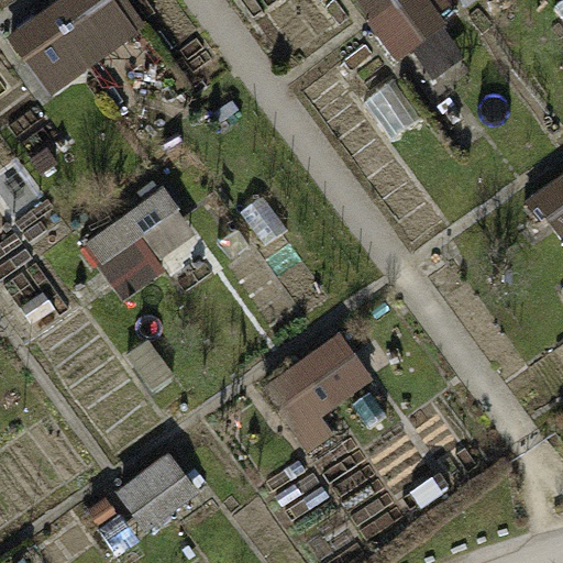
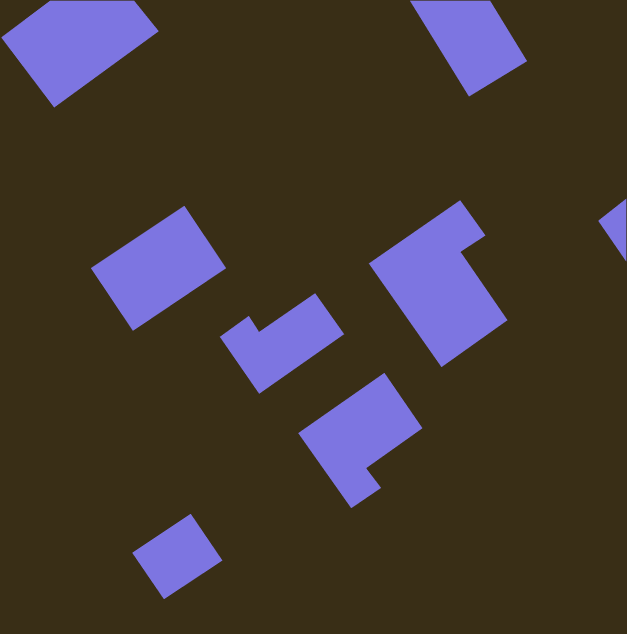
building: none -> [368,199,508,368]
building: none -> [219,292,345,395]

